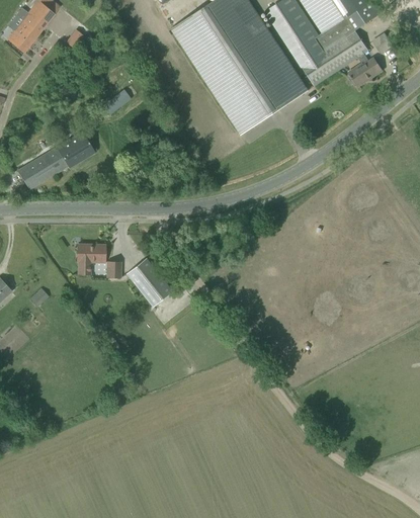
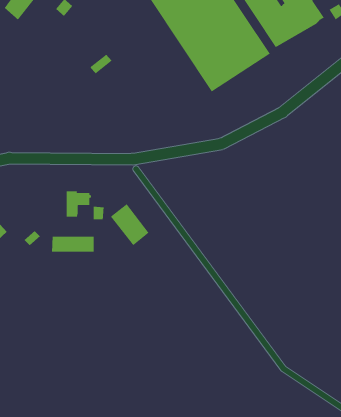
building: [349,53,382,86] -> none
building: [18,131,95,188] -> none
building: none -> [51,236,94,252]

